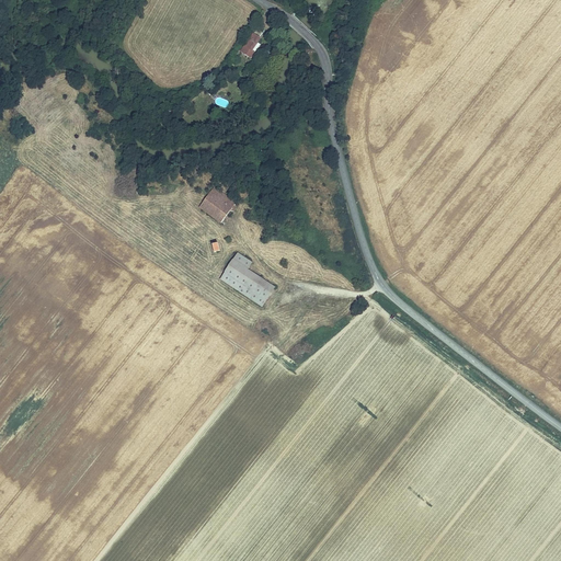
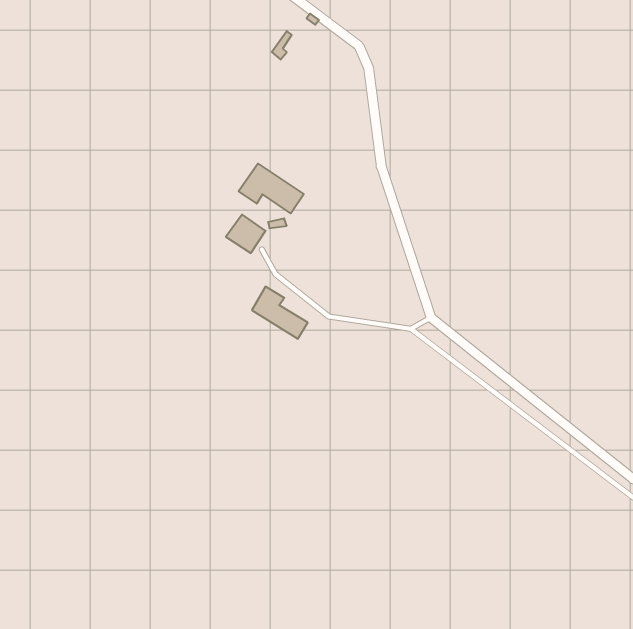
building: none -> [239,164,304,213]

